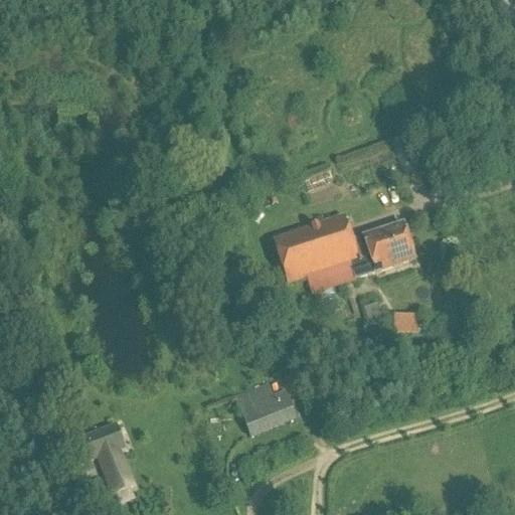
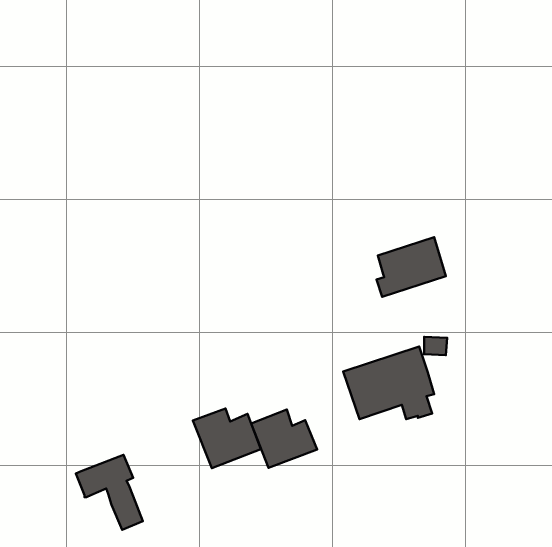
building: [274,213,358,281] -> [343,346,434,419]
building: none -> [193,408,261,468]

